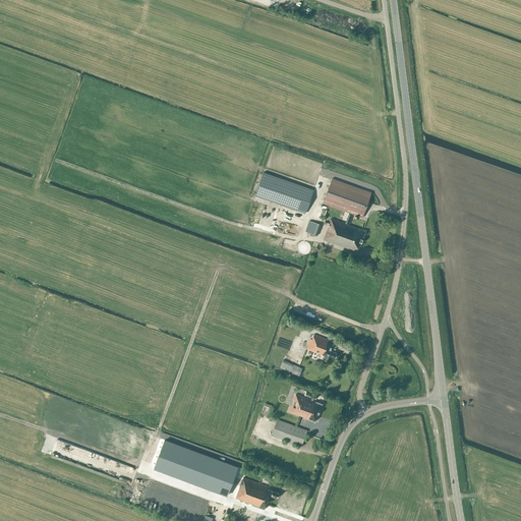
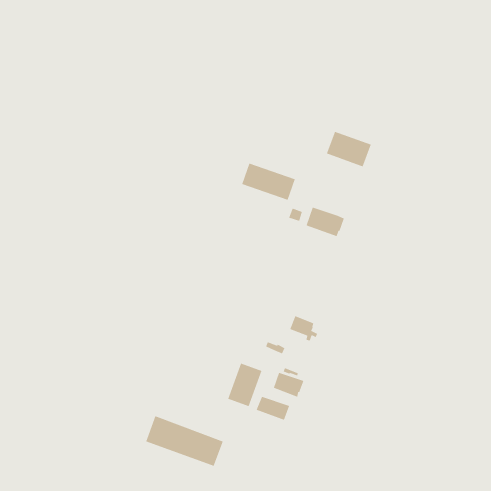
building: [323,178,371,217] -> [326,131,372,167]
building: none -> [227,363,263,407]
building: [236,477,279,509] -> none

